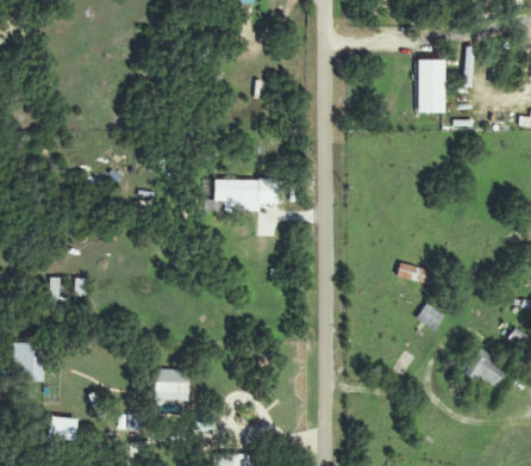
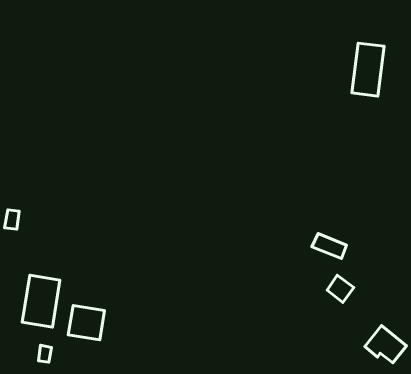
building: [214,180,279,212] -> none
building: none -> [22,275,60,327]

